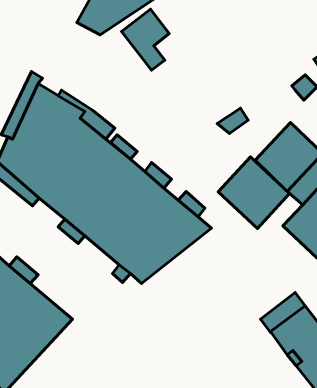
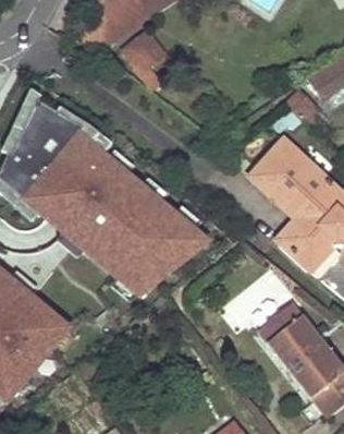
building: [218,157,290,229] -> none

